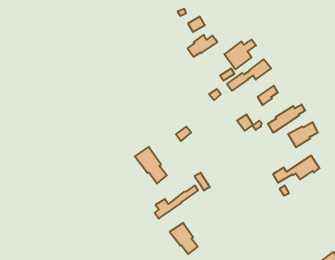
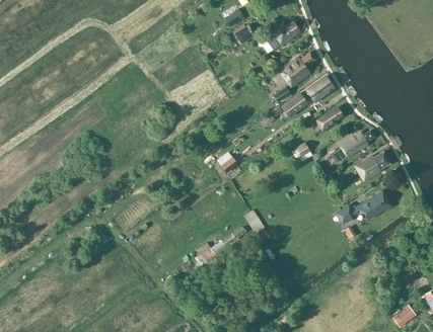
building: [188,35,217,57] -> [265,22,300,49]
building: [135,147,167,184] -> none
building: [170,223,198,254] -> none

